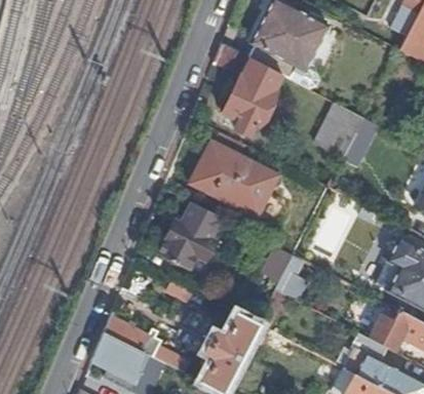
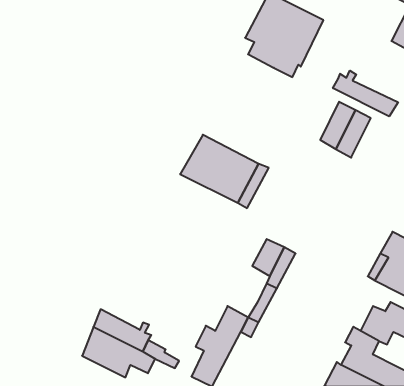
building: [213,43,282,135] -> none
building: none -> [333,71,398,116]
building: [156,202,220,270] -> none

